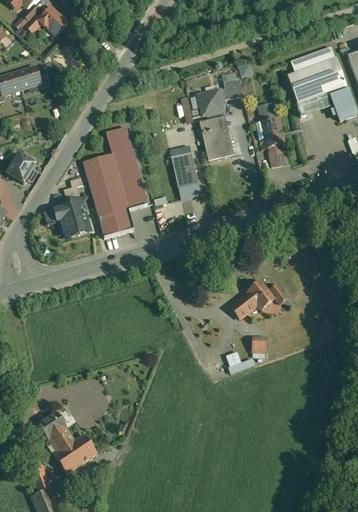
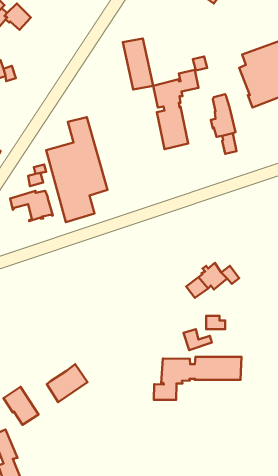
building: [169,144,201,198] -> [123,38,153,90]
building: none -> [154,357,241,400]
building: [54,433,97,473] -> [47,364,87,402]

